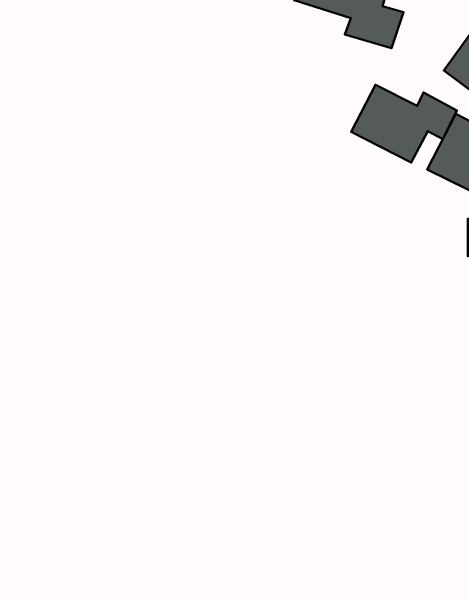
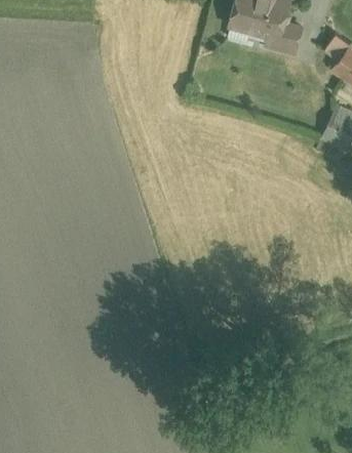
building: [351,85,457,163] -> none

